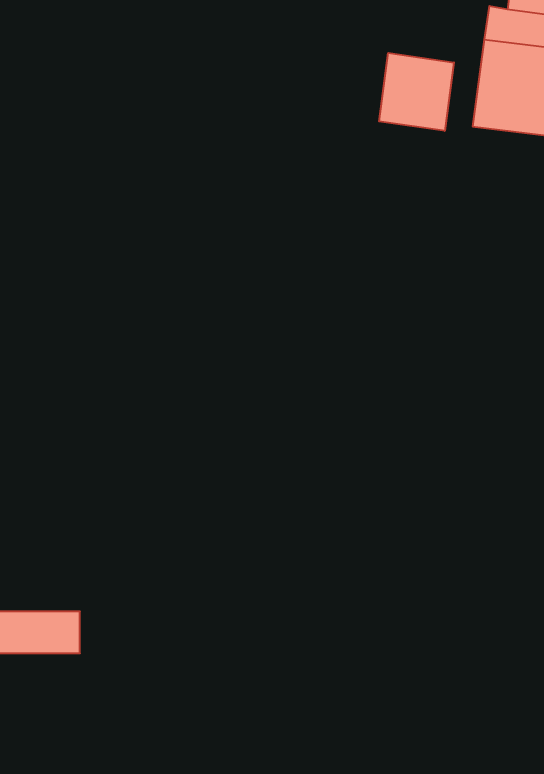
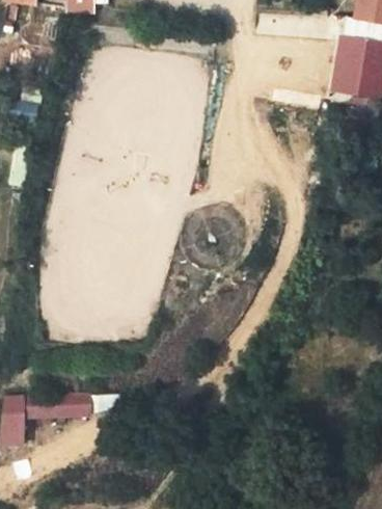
building: [379,53,454,131] -> none

